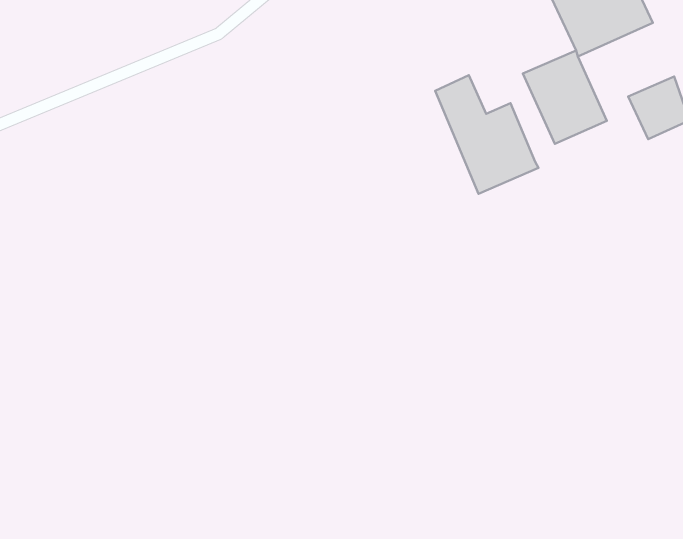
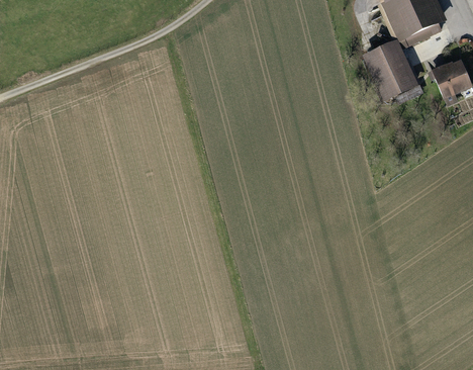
building: [435,75,539,194] -> none

